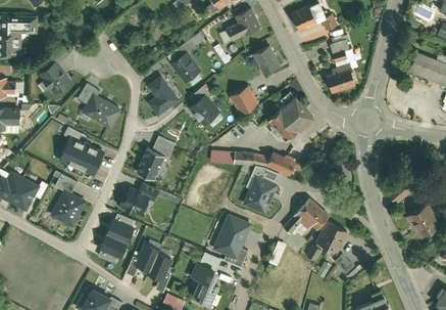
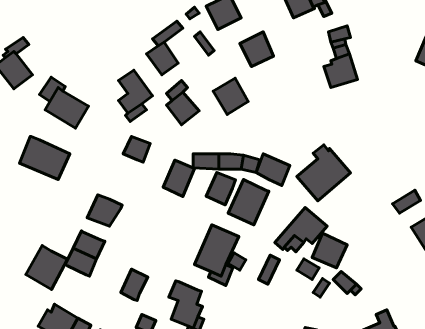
building: [267,92,314,141] -> [297,145,351,201]
building: [136,149,163,181] -> [163,160,195,196]
building: none -> [206,173,236,205]
building: [50,187,87,226] -> [26,245,68,290]
building: [135,243,159,273] -> none

